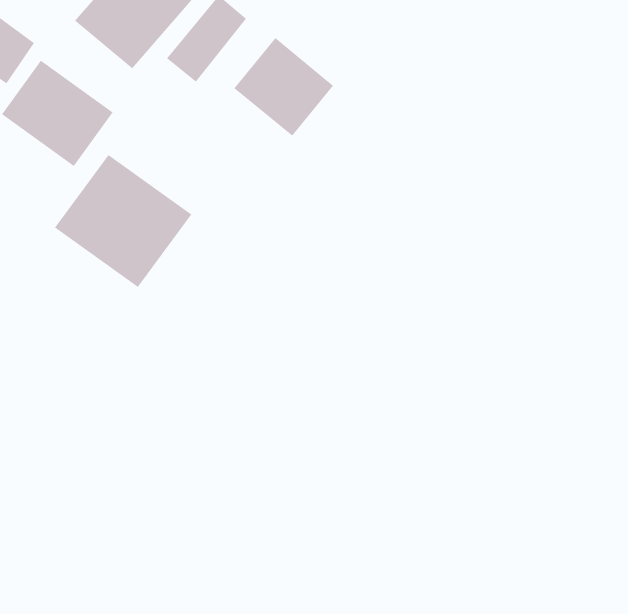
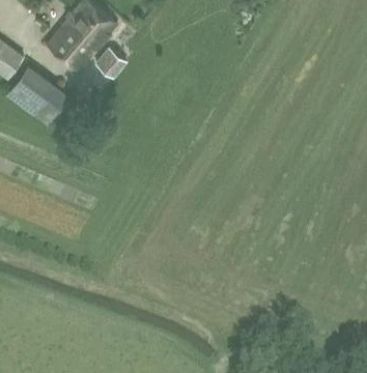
building: [234,37,334,137] -> none
building: [54,154,192,288] -> none

